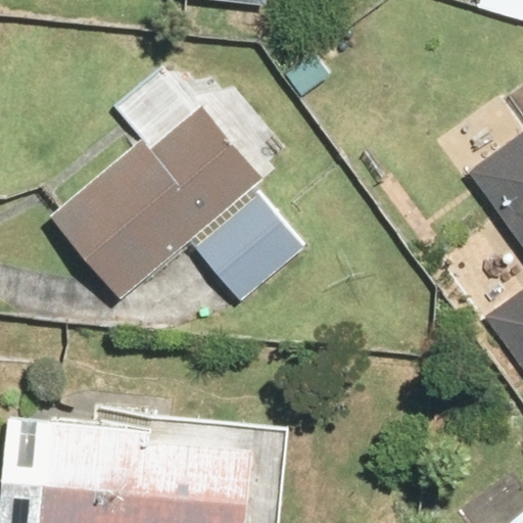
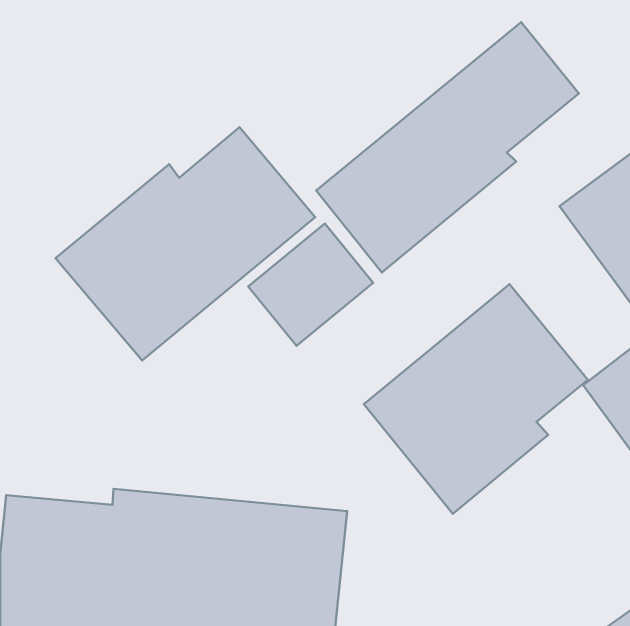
building: none -> [316,22,579,272]
building: none -> [364,284,588,514]

